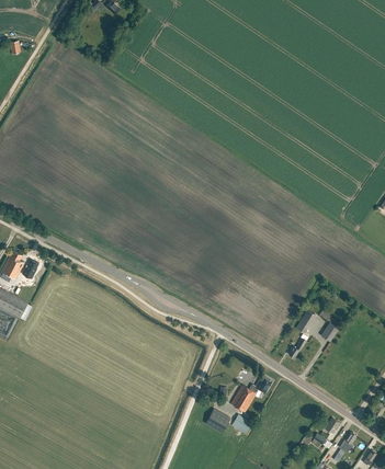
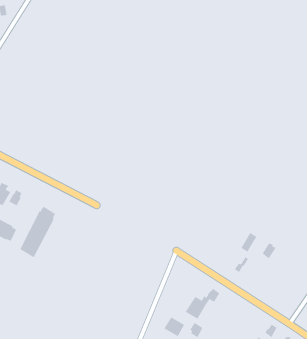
building: none -> [19,206,56,258]

